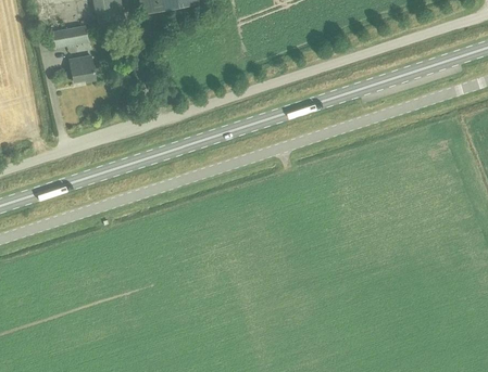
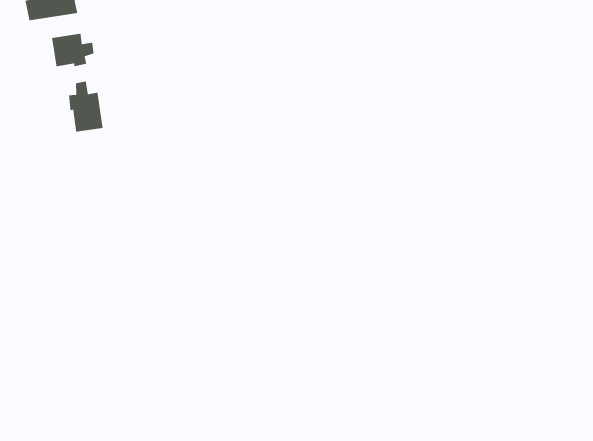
building: none -> [68,81,104,133]

